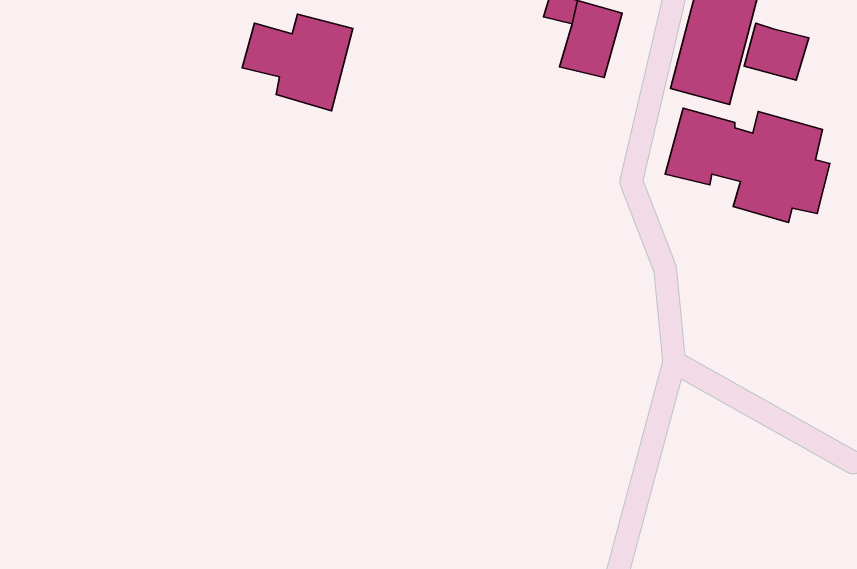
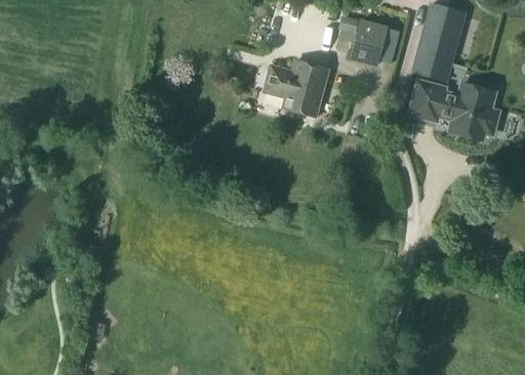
building: [242,14,353,111] -> [264,59,327,115]
building: [744,23,809,80] -> none

